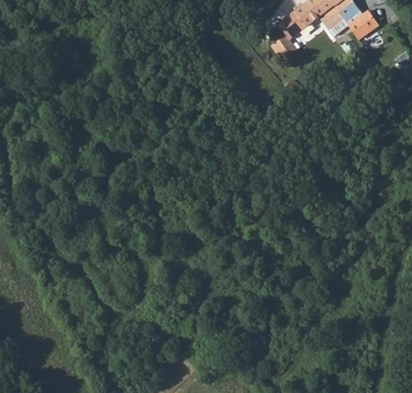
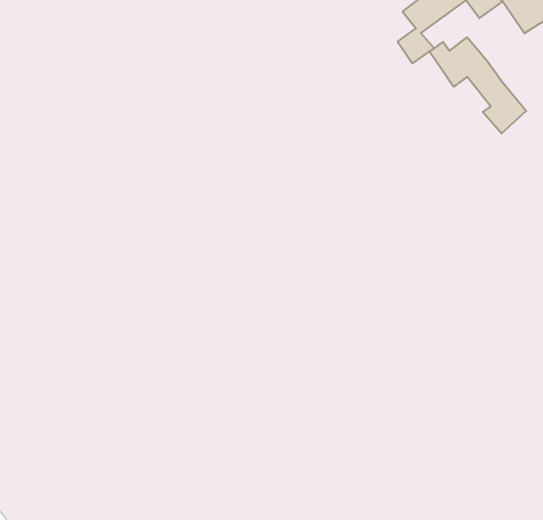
building: none -> [429,37,526,134]

